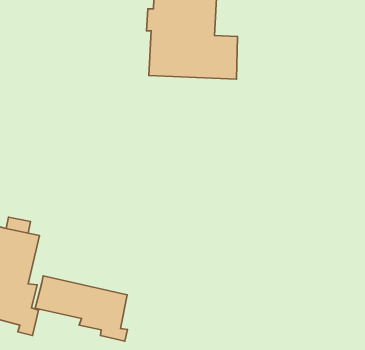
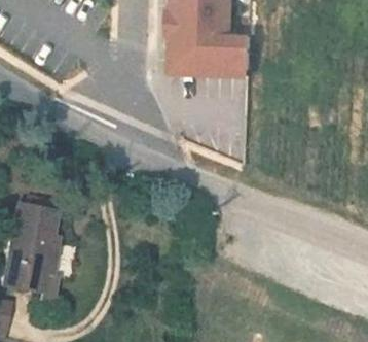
building: [35,276,127,341] -> none

